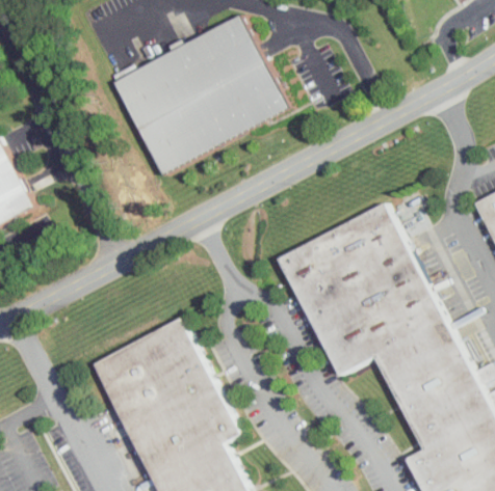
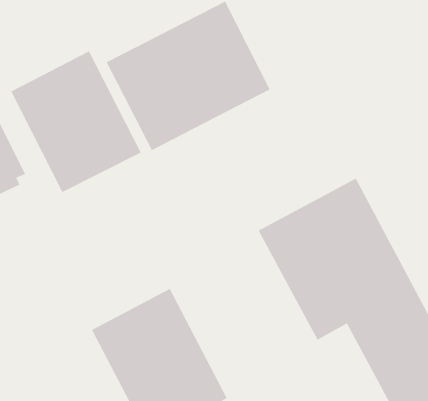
building: none -> [11,51,141,193]

